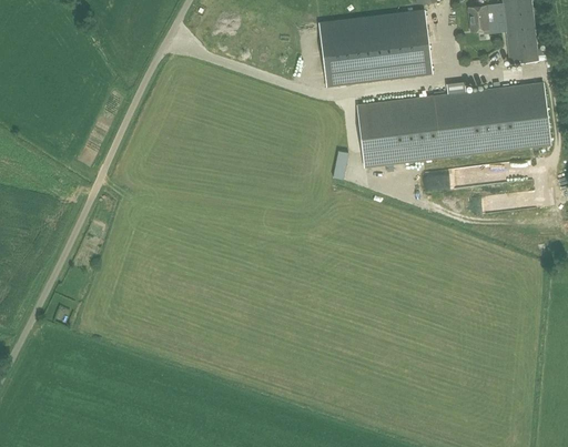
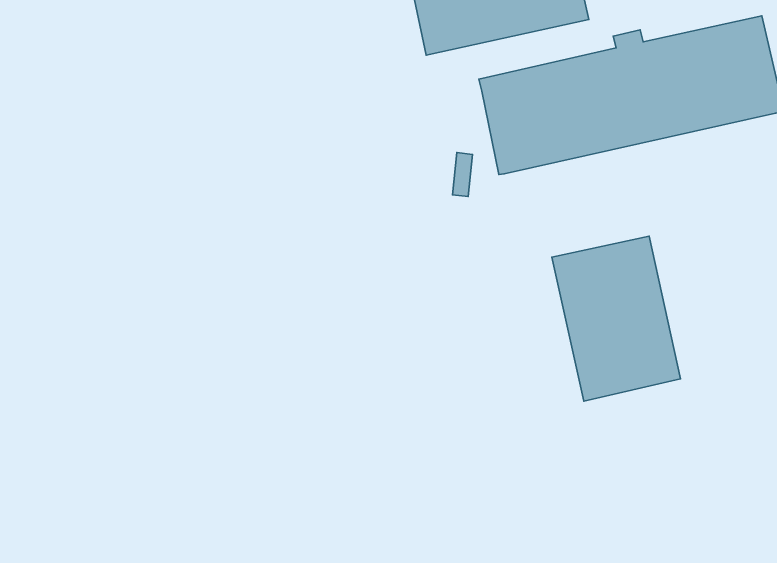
building: none -> [552,236,681,401]

